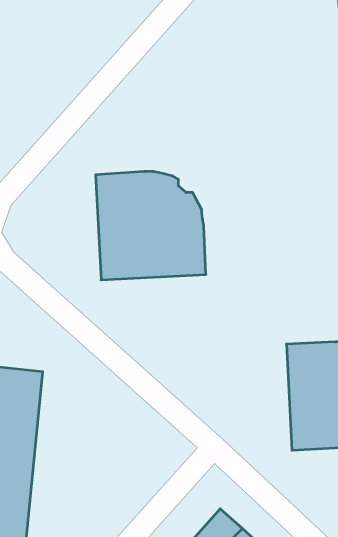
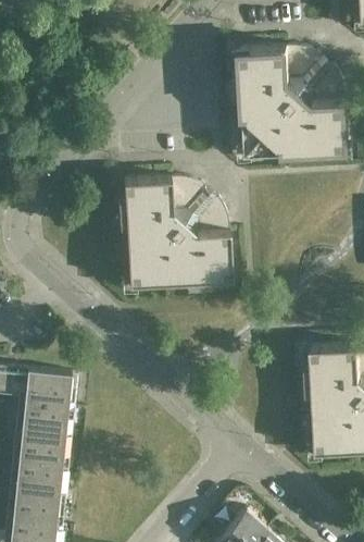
building: none -> [239,49,348,155]

